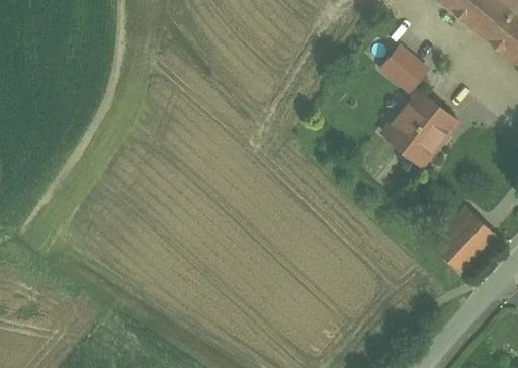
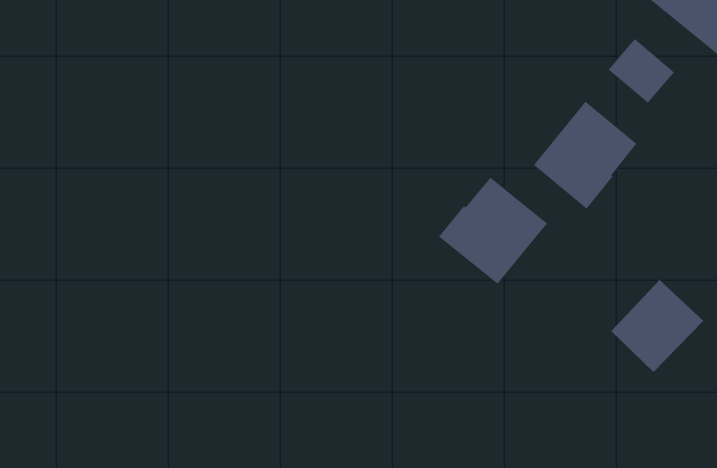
building: [381,45,427,90] -> [608,38,675,104]
building: none -> [438,177,548,285]

